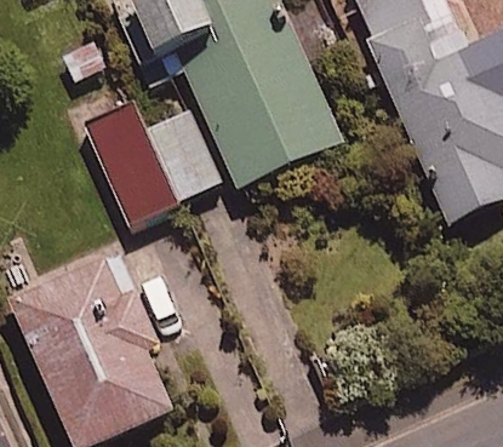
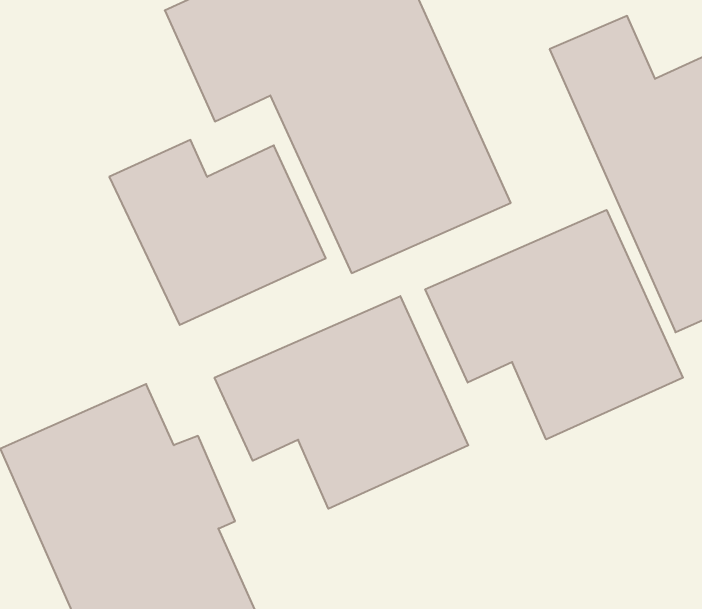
building: none -> [425,210,683,439]
building: none -> [215,296,468,509]

